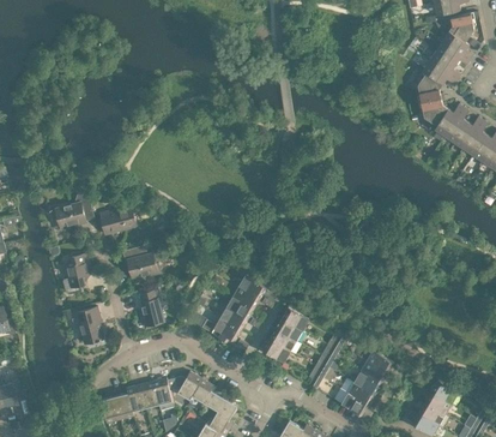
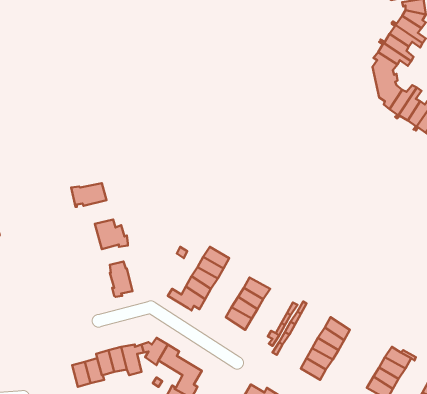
building: [55,192,93,229] -> none
building: [63,253,90,293] -> none
building: [77,306,103,343] -> none

